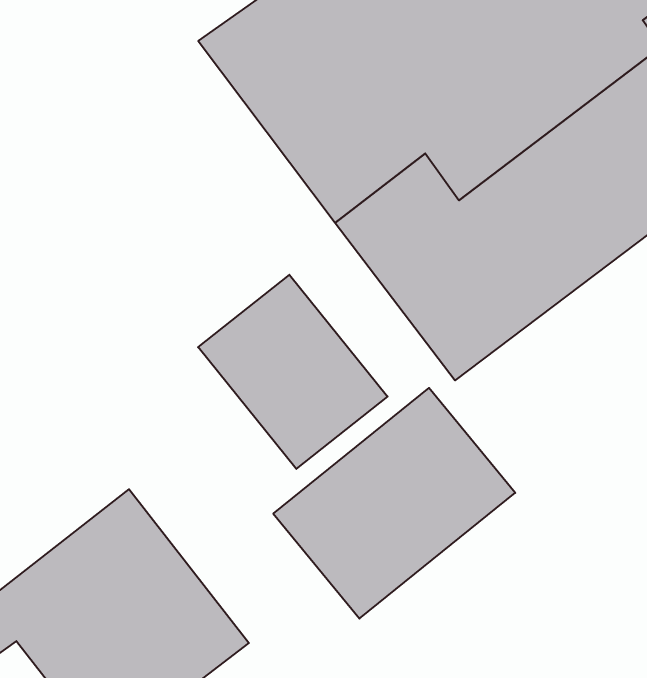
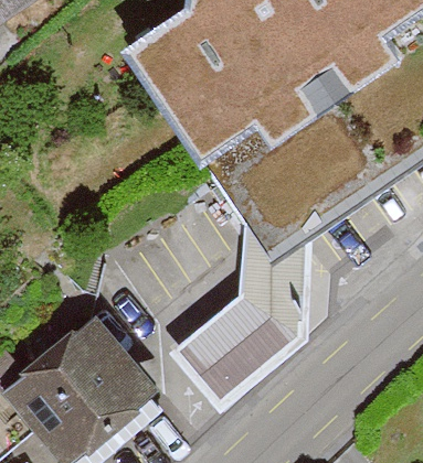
building: [198,275,388,469] -> none

